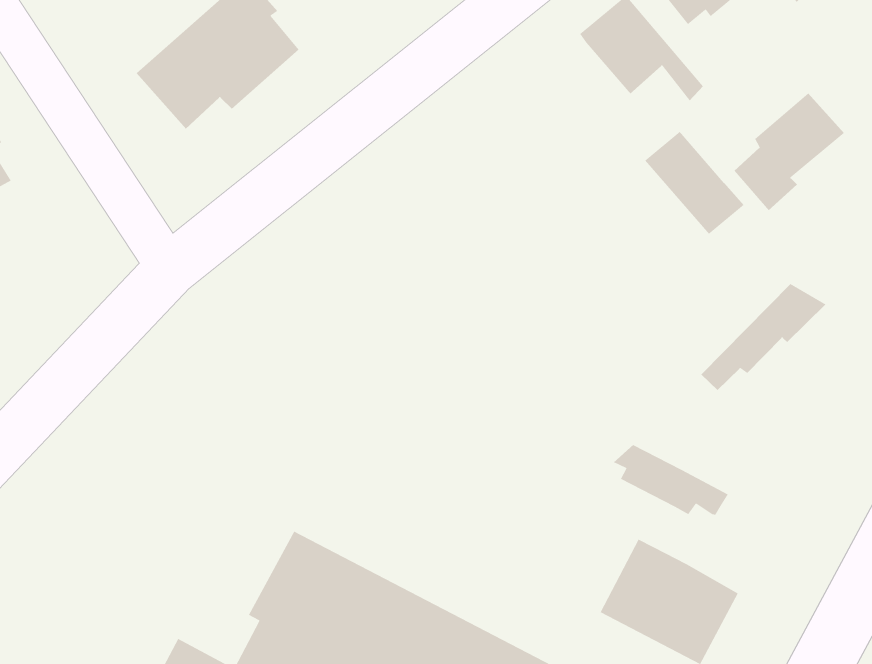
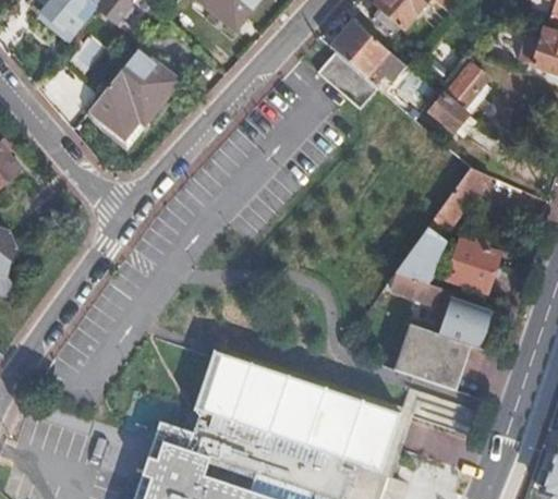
building: [644,131,745,235] -> [318,54,378,110]
building: none -> [397,230,447,284]
building: none -> [448,244,500,294]
building: none -> [437,302,483,349]

